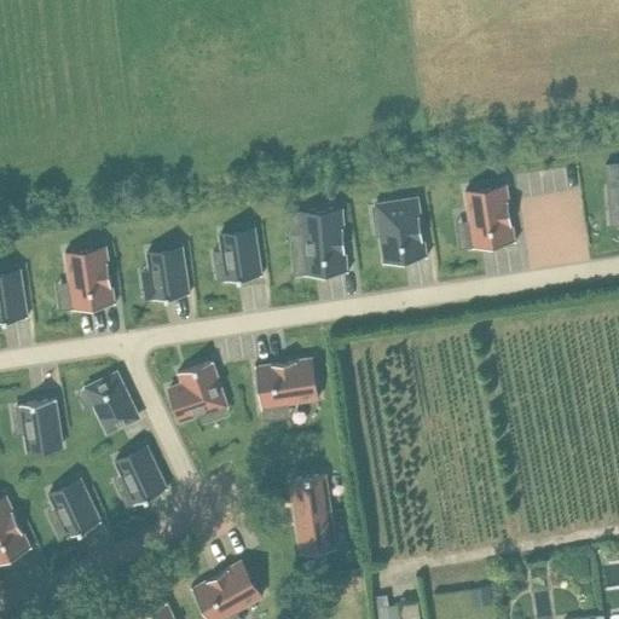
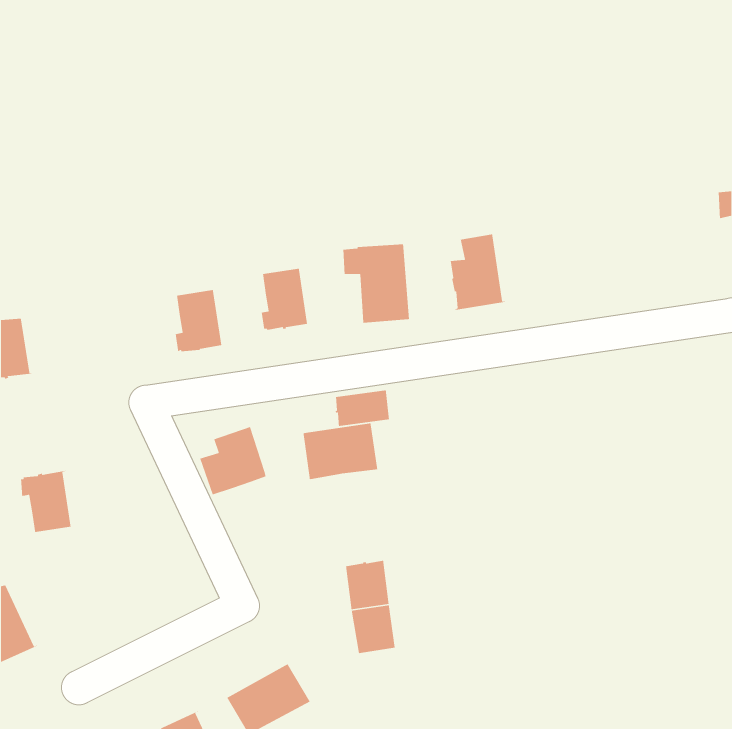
building: [465,185,516,249] -> none
building: [65,247,116,311] -> none
building: none -> [334,389,390,427]
building: [86,374,138,432] -> none
building: [116,446,168,505] -> none
building: [50,479,102,538] -> none

